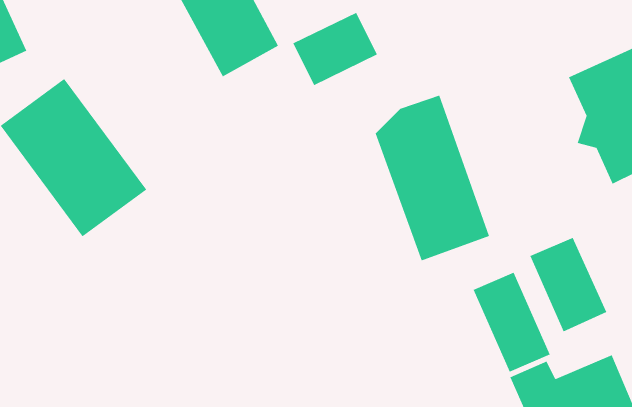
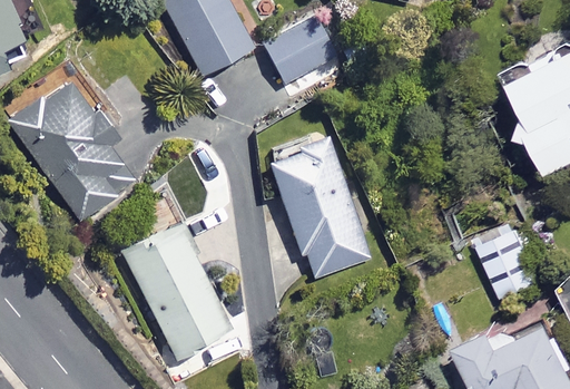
building: [375,95,490,261] -> [271,134,373,282]
building: none -> [120,220,234,358]
building: [473,272,551,373] -> none

